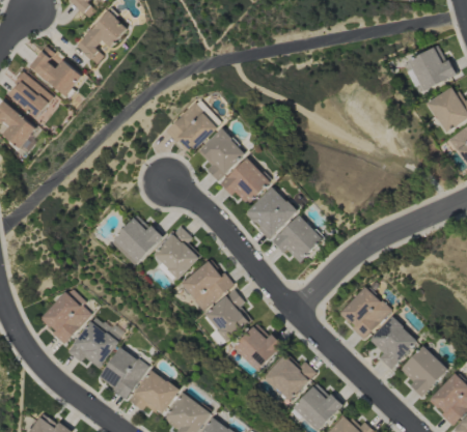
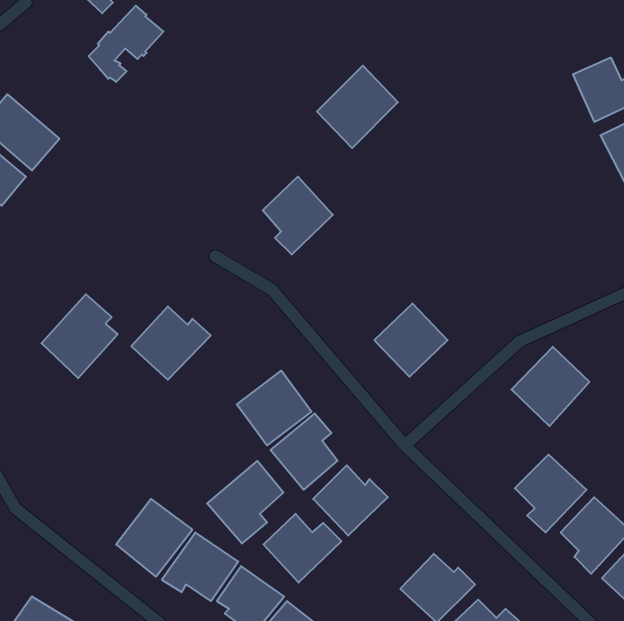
building: [30,45,82,95] -> none
building: [165,97,220,153] -> [317,66,398,148]
building: [219,156,271,203] -> none
building: [244,185,297,238] -> none
building: [153,226,198,280] -> none
building: [337,285,390,339] -> [511,347,589,426]
building: [39,286,91,343] -> [41,294,118,378]
building: [66,319,119,368] -> none
building: none -> [207,461,283,544]
building: [263,354,315,401] -> [263,514,341,583]

